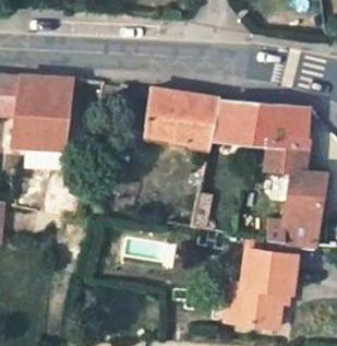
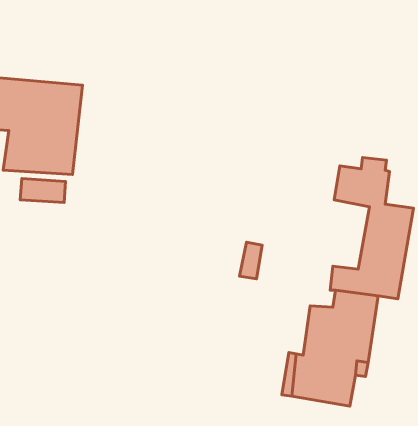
building: [147,88,218,150] -> none
building: [216,99,309,143] -> none

